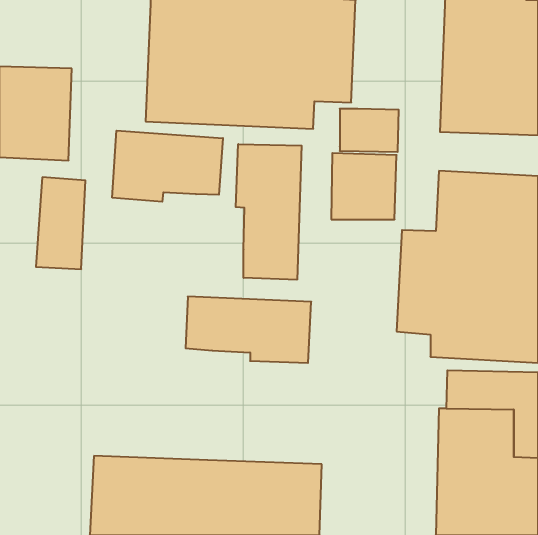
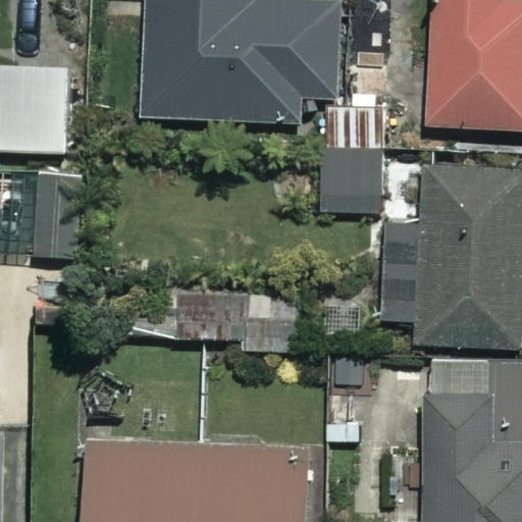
building: [112,131,223,202] -> none
building: [236,144,302,280] -> none

